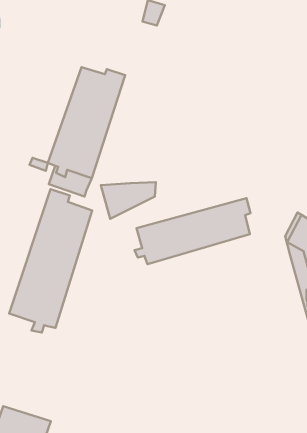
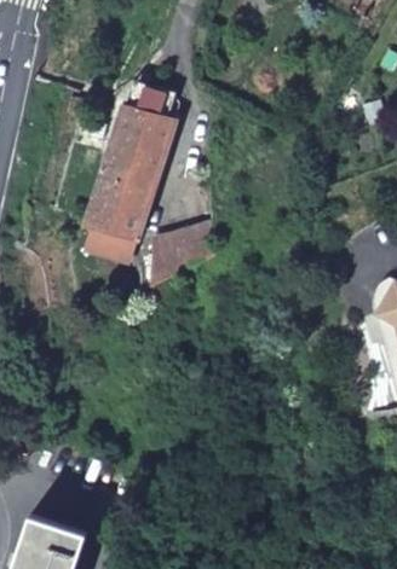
building: [9,189,92,333] -> none
building: [135,198,251,264] -> none

